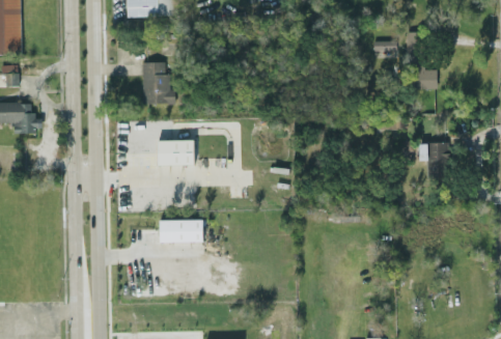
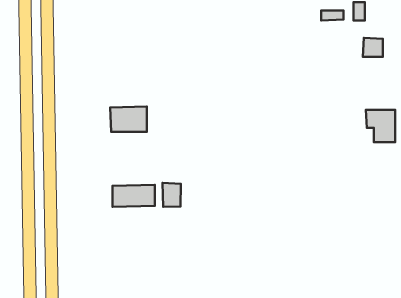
building: [141,61,174,104] -> none
building: none -> [163,183,181,207]

